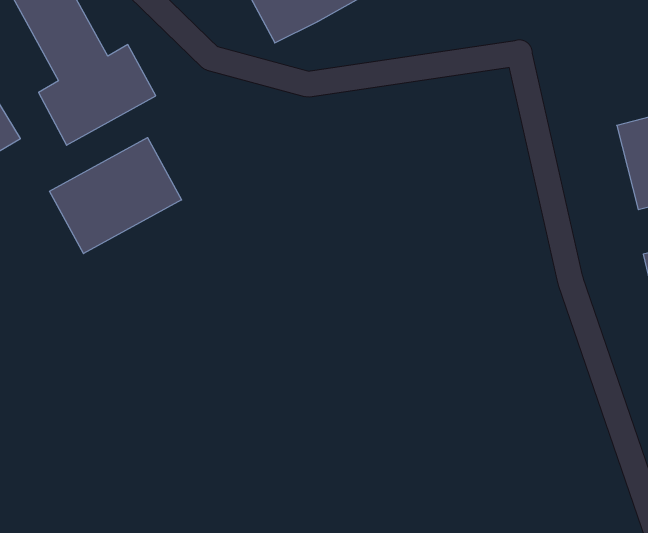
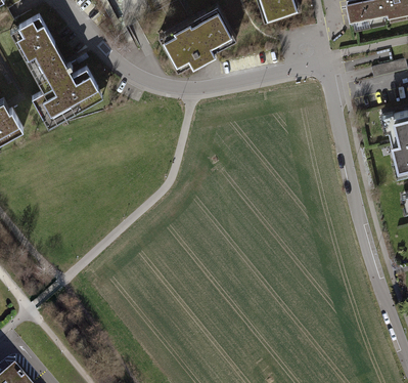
building: [50,138,182,254] -> none

